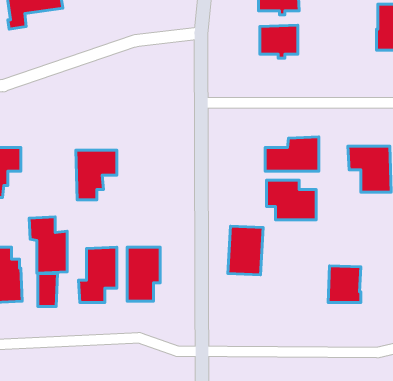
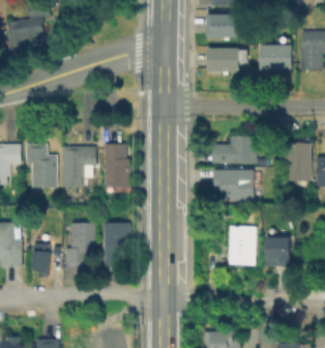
building: none -> [260,45,291,69]
building: none -> [105,143,130,186]
building: [29,217,67,273] -> [26,143,56,187]
building: [228,226,263,275] -> [228,226,256,264]

